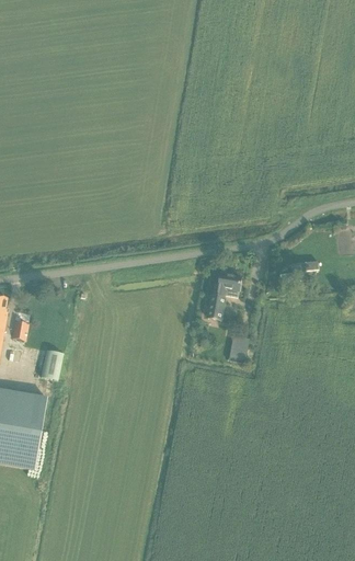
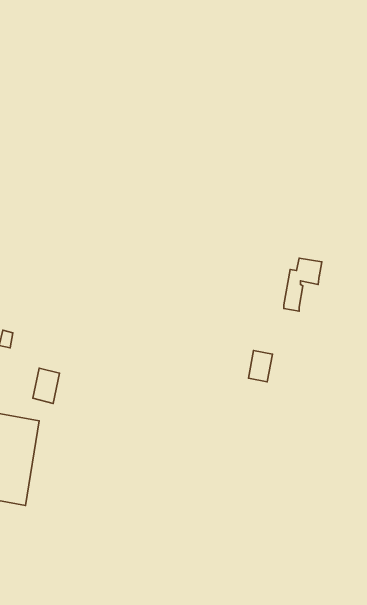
building: [208,274,241,320] -> [284,258,322,311]

